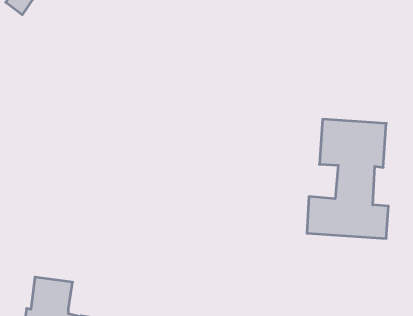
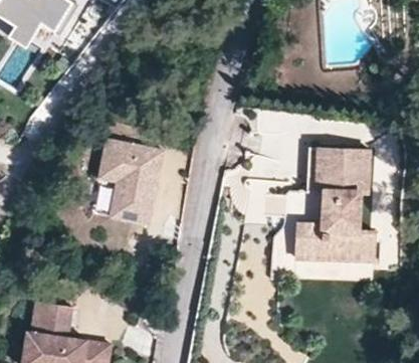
building: none -> [97,141,161,225]

